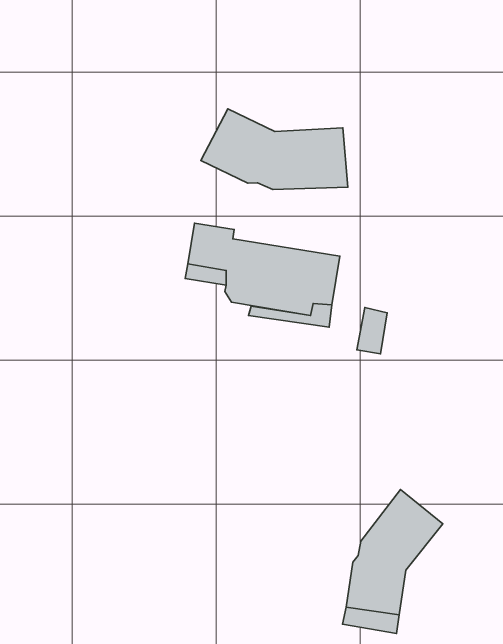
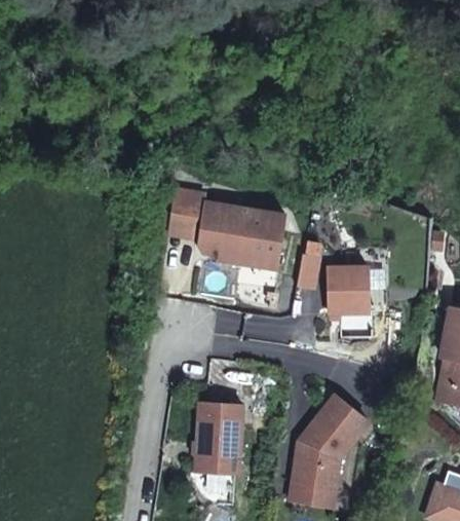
building: [201,109,348,190] -> none
building: none -> [328,267,368,314]
building: none -> [193,401,241,473]

